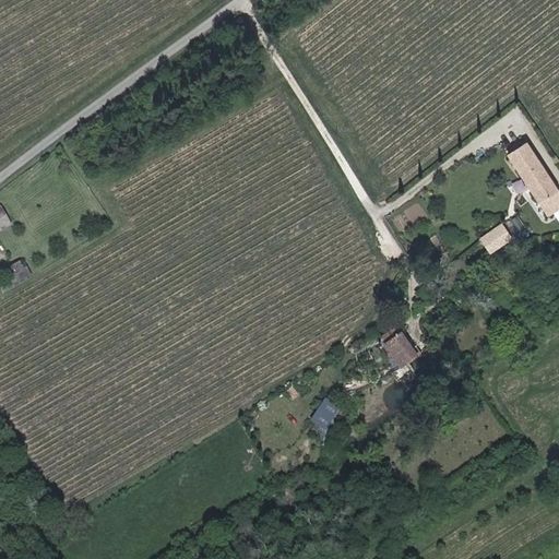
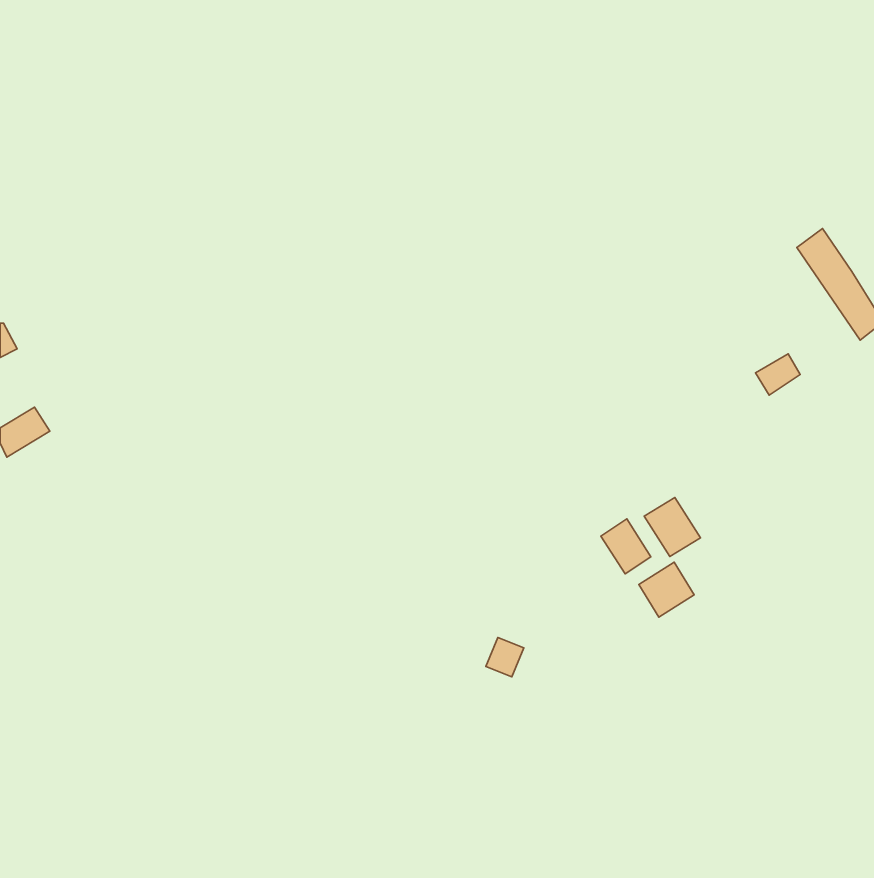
building: none -> [644,498,700,557]
building: none -> [639,562,694,617]

